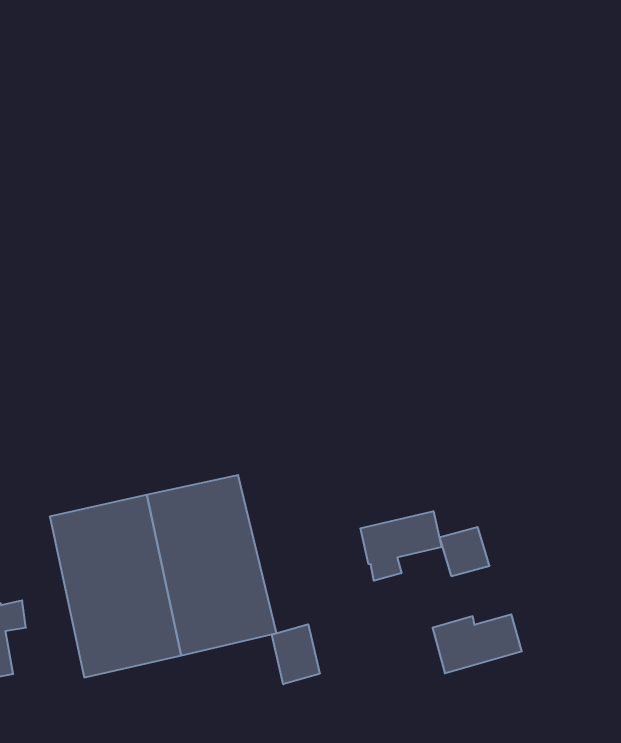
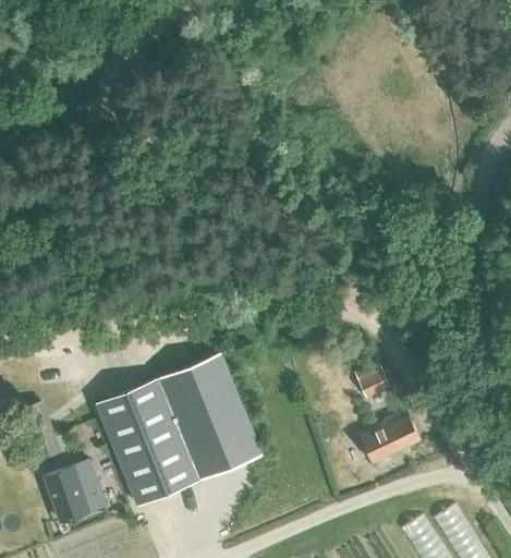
building: [360,511,442,581] -> none
building: [272,624,320,684] -> none

